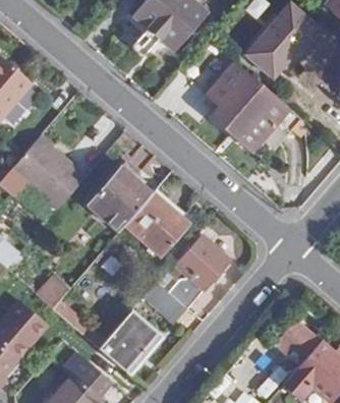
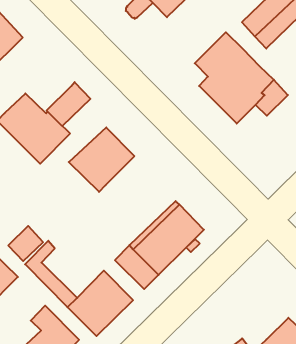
building: none -> [47,82,90,126]
building: [126,192,188,254] -> none
building: [275,320,321,365] -> none

